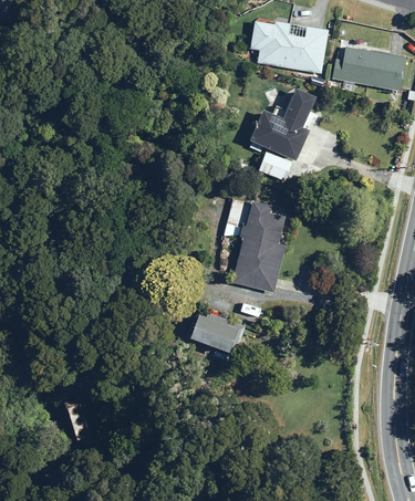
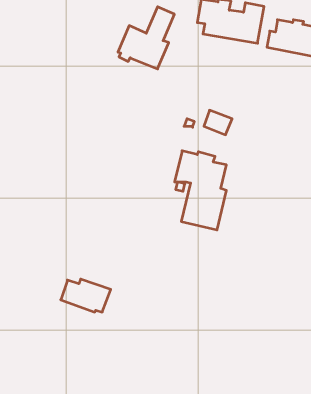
building: [248,87,314,160] -> [118,7,174,69]
building: [186,313,245,352] -> [61,279,111,312]

